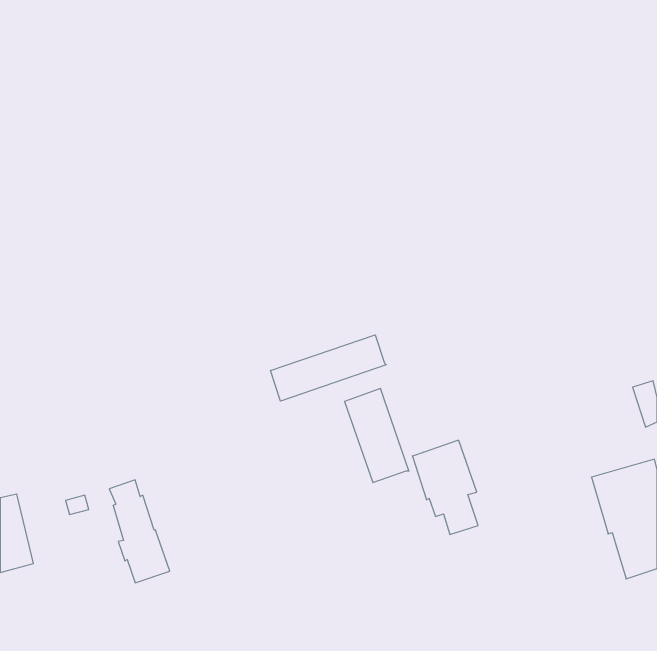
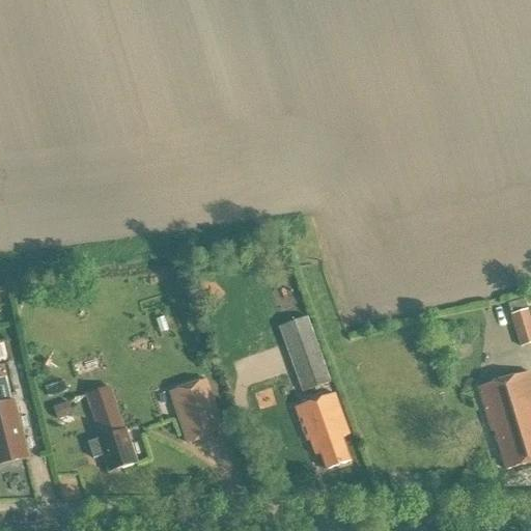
building: [271,335,386,401] -> none
building: [412,441,478,534] -> [296,392,348,468]
building: none -> [170,375,223,439]

